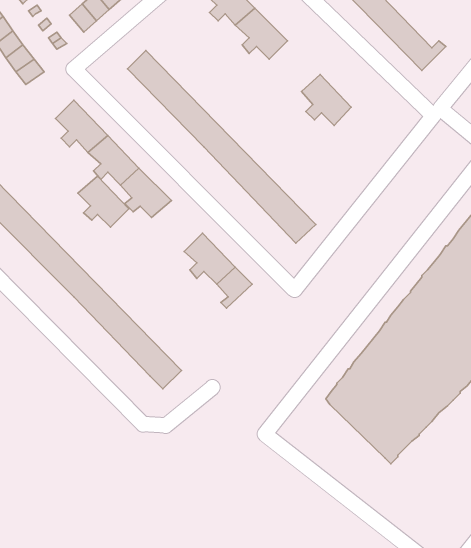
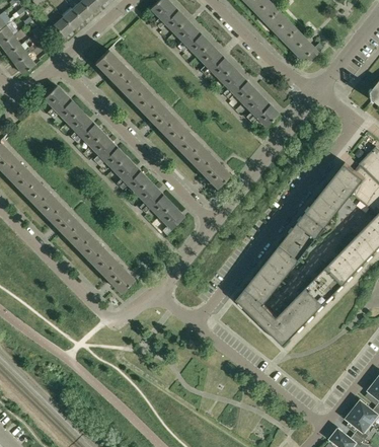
building: none -> [197,43,233,79]
building: none -> [243,90,279,127]
building: [78,176,129,227] -> [112,157,149,194]

